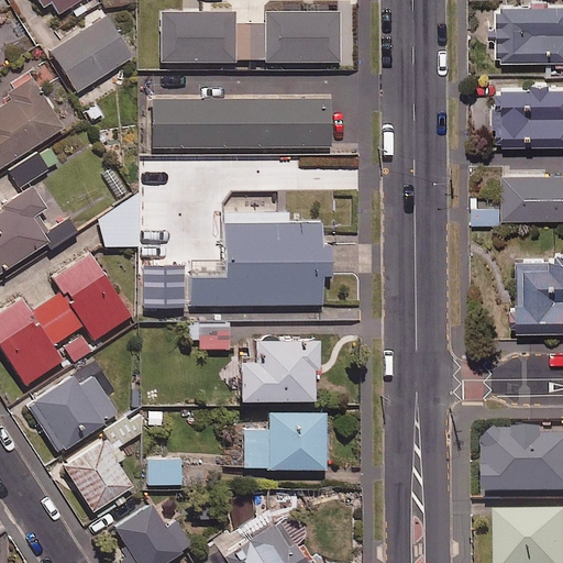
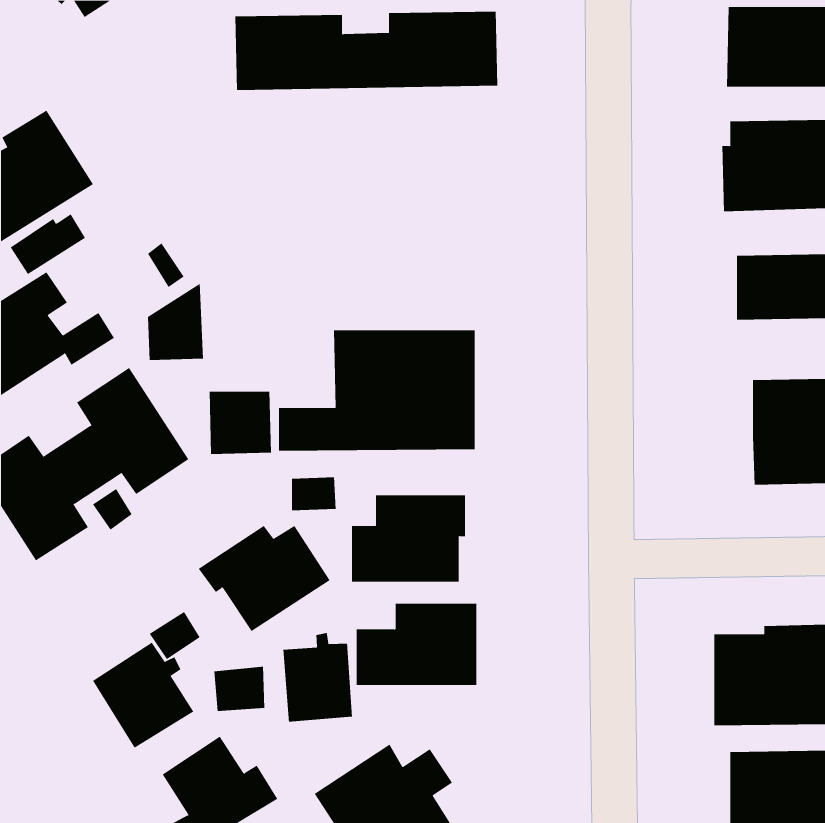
building: [51,15,133,92] -> none
building: [153,99,331,147] -> none
building: [27,376,118,449] -> [198,525,330,632]
building: none -> [283,632,353,723]

